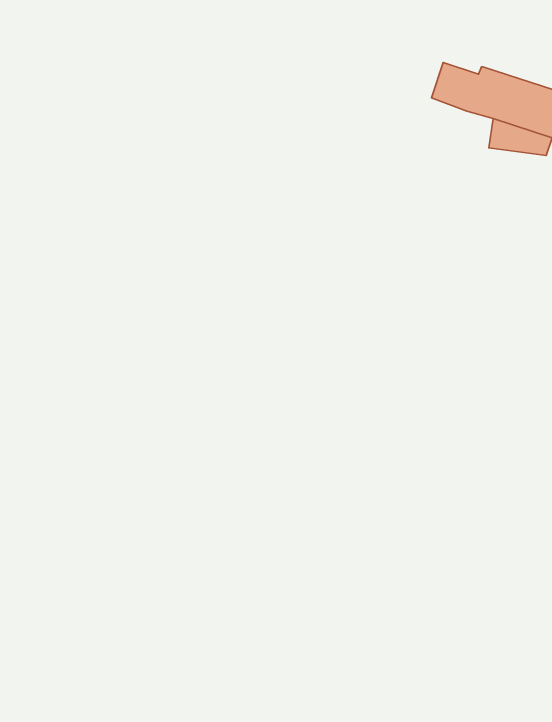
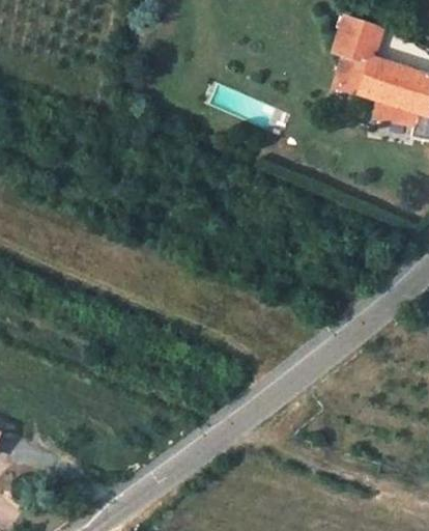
building: none -> [336,21,383,65]

